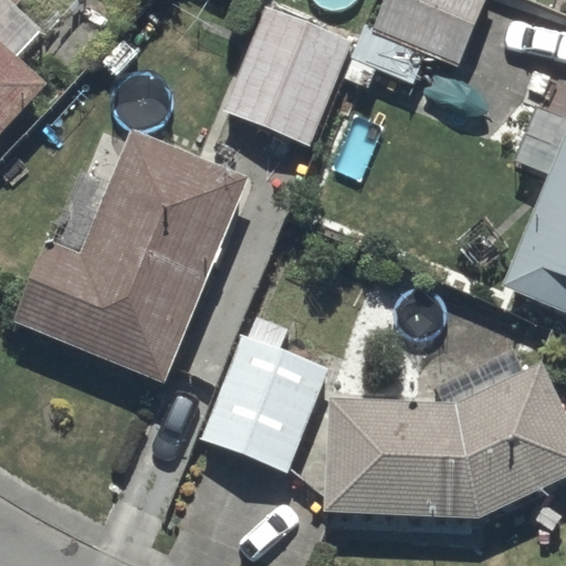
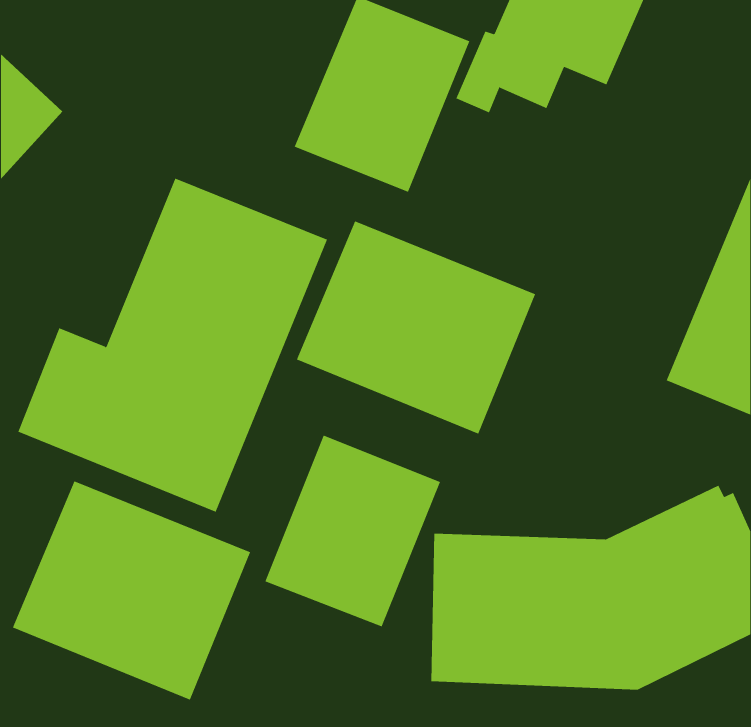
building: none -> [296,221,536,434]
building: none -> [12,481,251,701]

